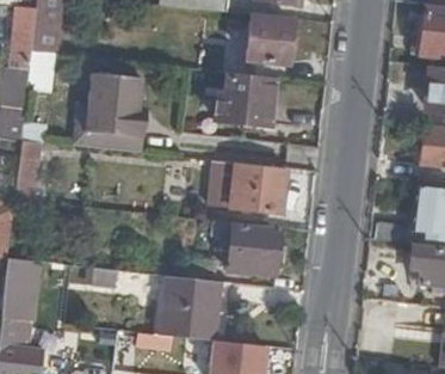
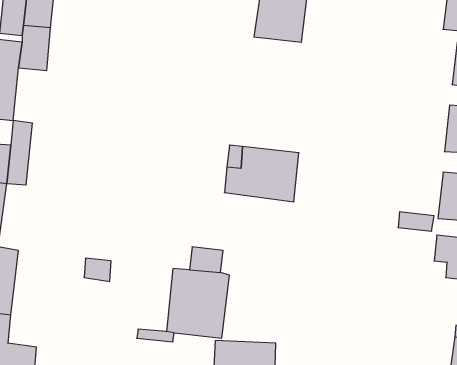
building: [72,72,143,151] -> none
building: [216,78,274,127] -> none
building: [229,222,280,270] -> none

